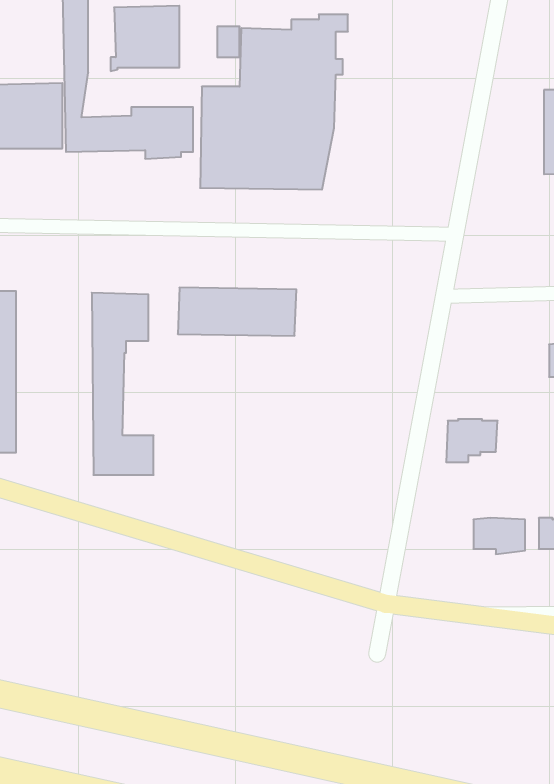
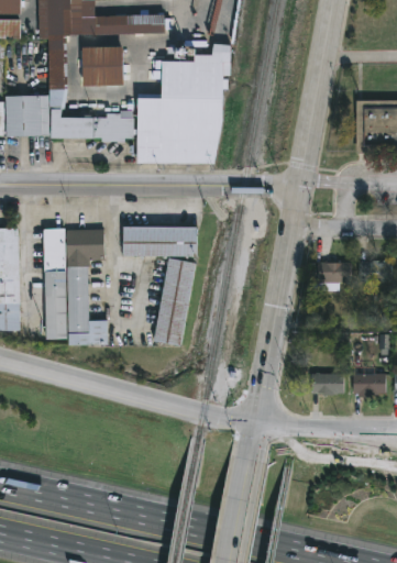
building: none -> [45,229,66,339]
building: none -> [152,257,196,345]
building: [446,419,498,462] -> [318,261,351,288]

